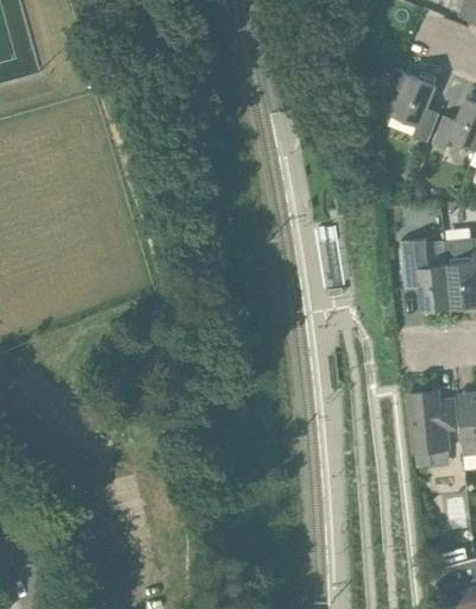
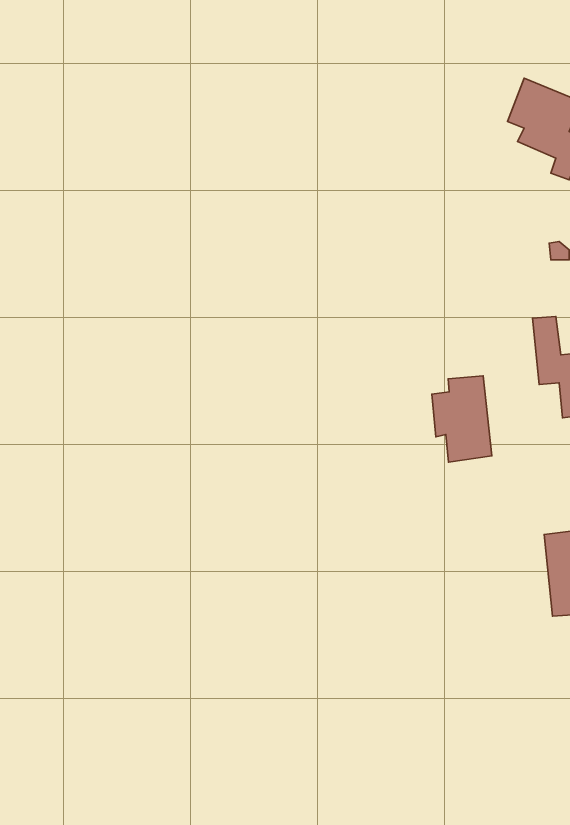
building: none -> [432,376,492,462]

